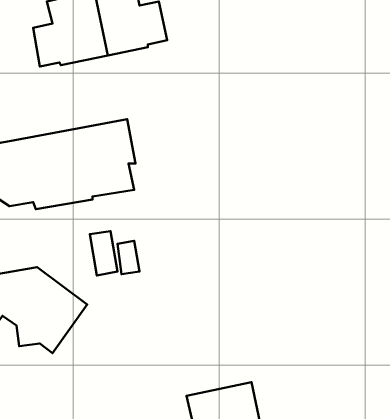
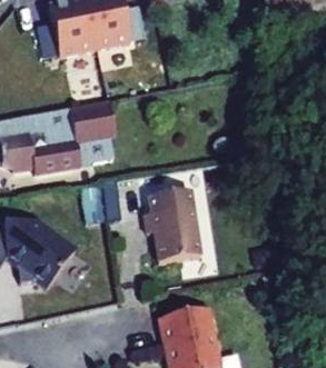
building: none -> [146,189,201,263]

